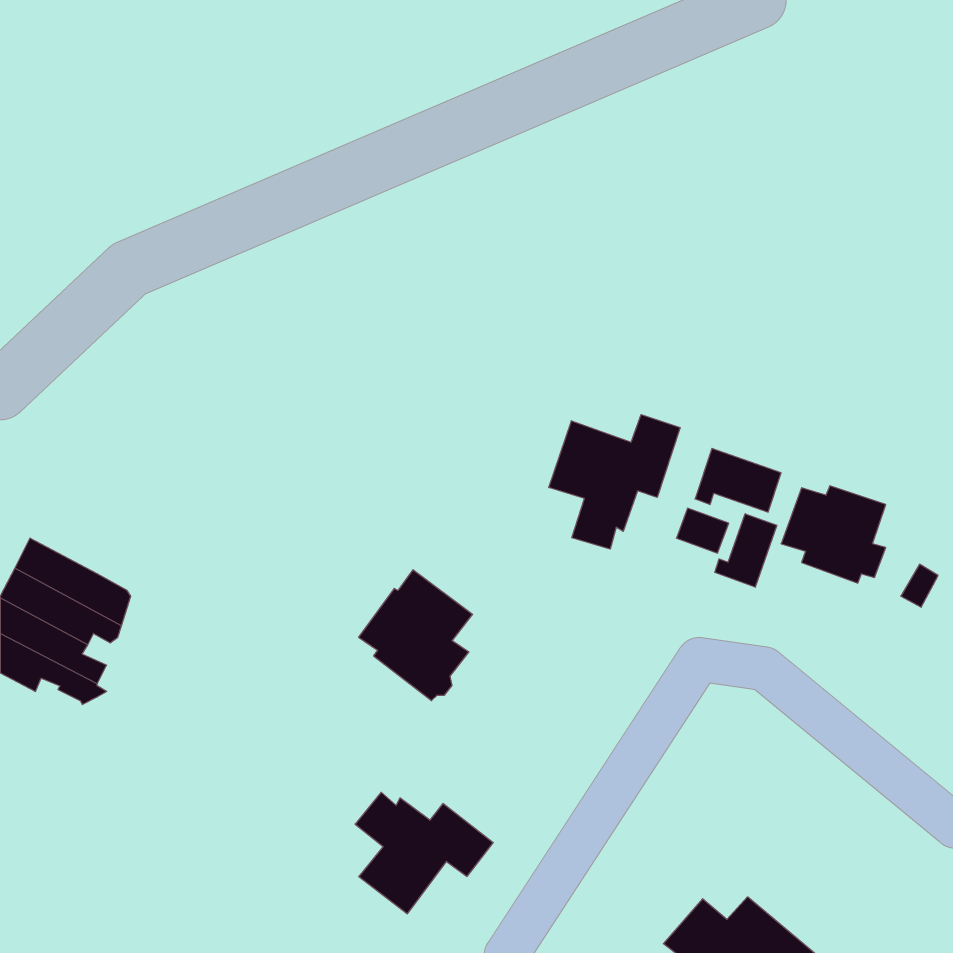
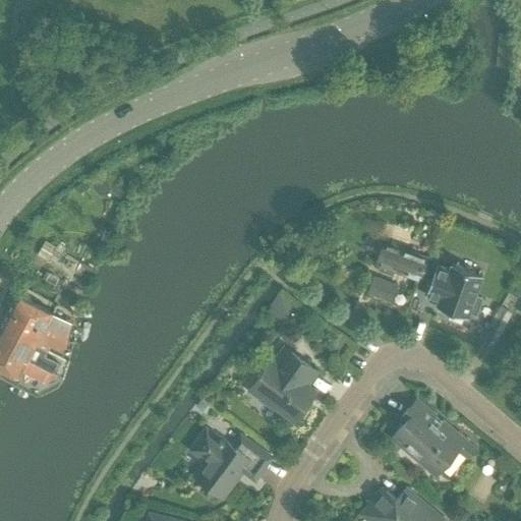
building: [549,415,680,549] -> none
building: [715,514,777,587] -> none
building: [359,570,473,701] -> [255,349,317,420]
building: none -> [393,401,477,473]

